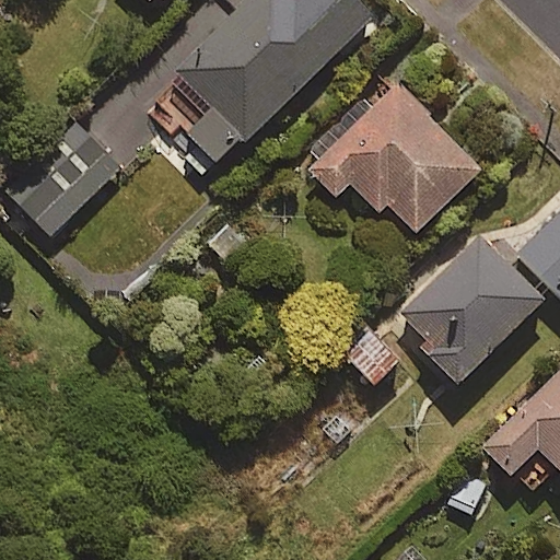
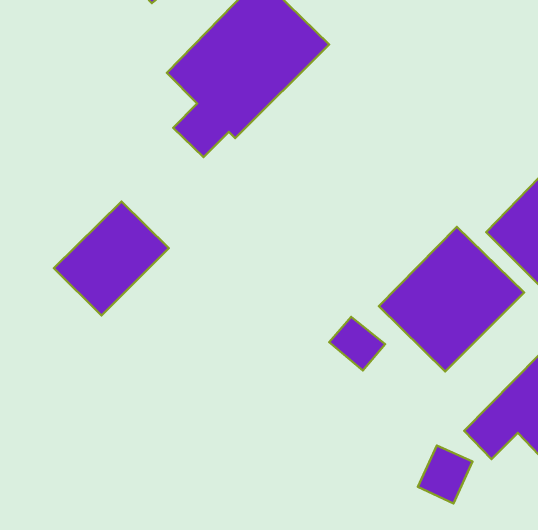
building: [305,83,481,233] -> none
building: [5,120,125,238] -> [54,202,169,316]

